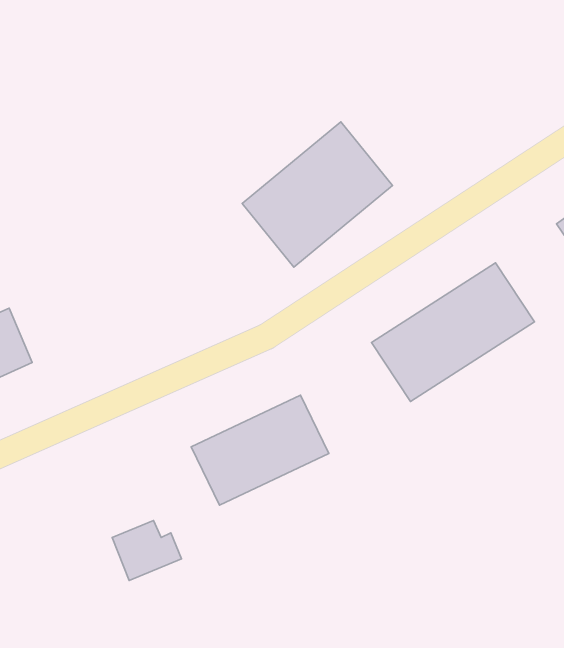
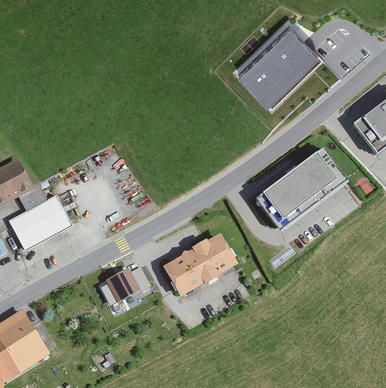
building: [242,122,392,267] -> [237,25,319,107]
building: [112,521,181,580] -> [106,267,145,301]

